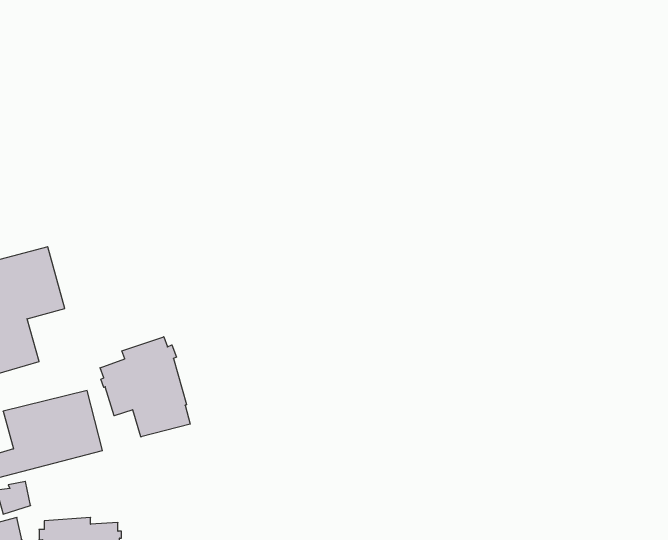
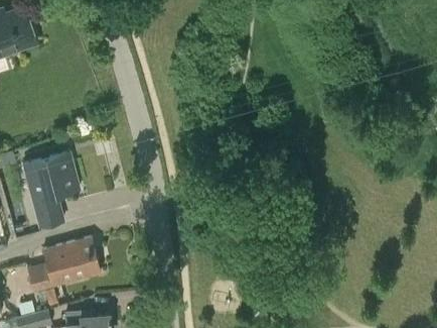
building: [100,337,190,437] -> none

